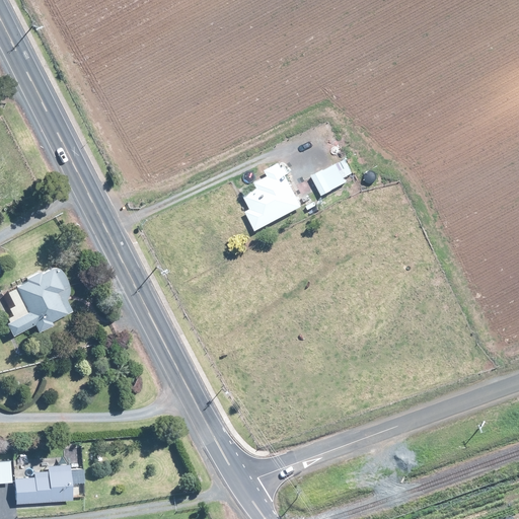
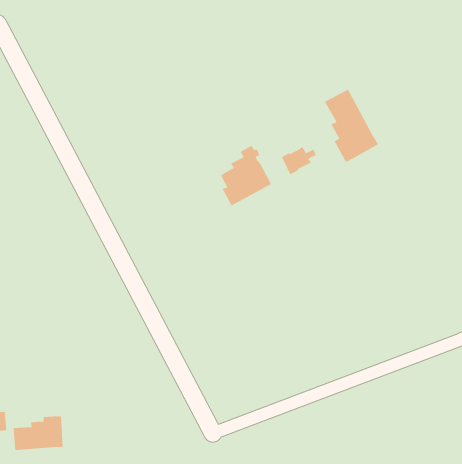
building: none -> [324,89,379,163]
building: [6,267,68,335] -> none

